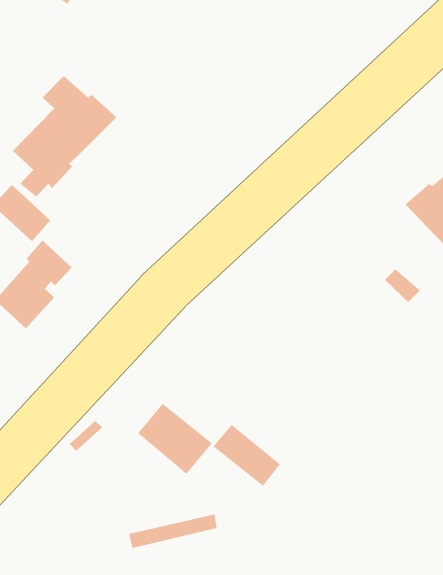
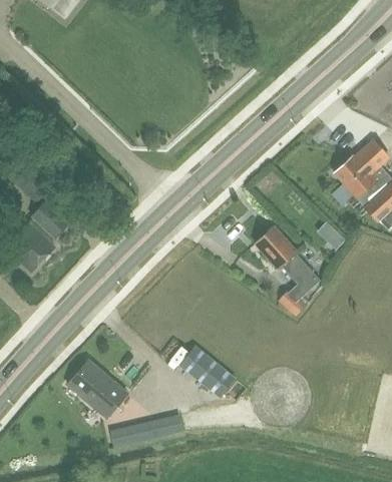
building: [12,75,117,198] -> none
building: none -> [256,226,321,316]
building: [137,403,213,475] -> [68,360,128,417]

